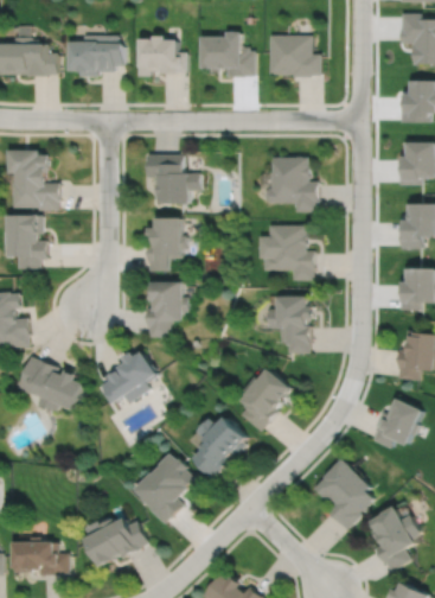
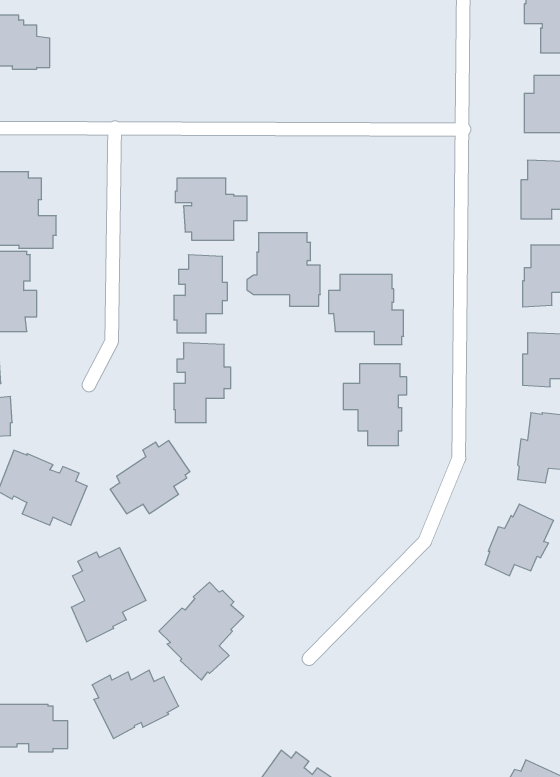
building: [201,33,252,77] -> none
building: [269,36,320,77] -> none
building: [69,37,122,78] -> none
building: [137,37,186,77] -> none
building: [263,159,316,212] -> [247,233,320,306]
building: [241,364,294,430] -> none
building: [191,413,249,476] -> none
building: none -> [71,548,146,642]
building: [315,456,372,528] -> none
building: [371,503,421,570] -> none

